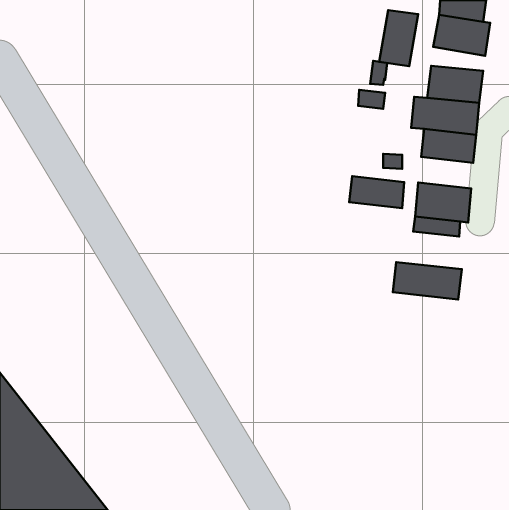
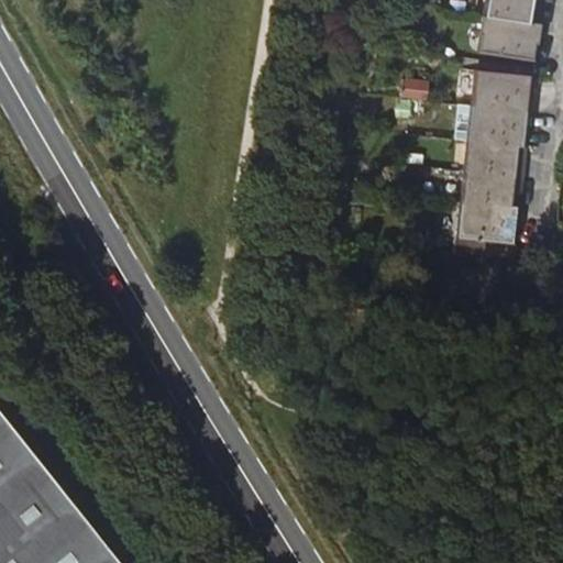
building: [379,10,418,66] -> none
building: [349,176,404,208] -> [461,173,521,208]
building: [393,262,462,299] -> none

